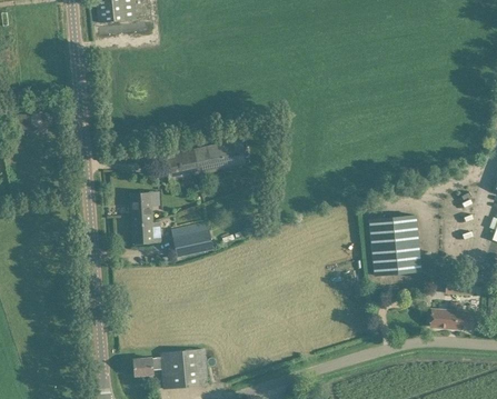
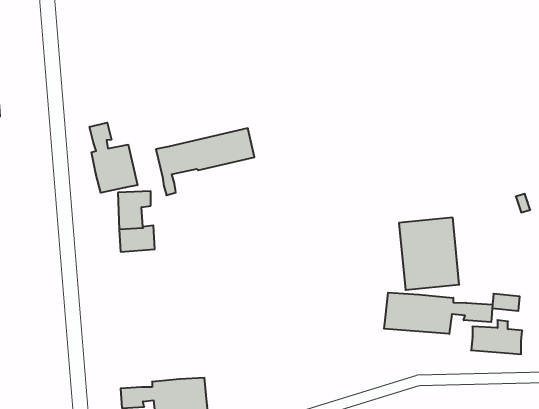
building: none -> [90,123,137,193]
building: [171,222,212,257] -> none
building: none -> [384,293,492,334]

